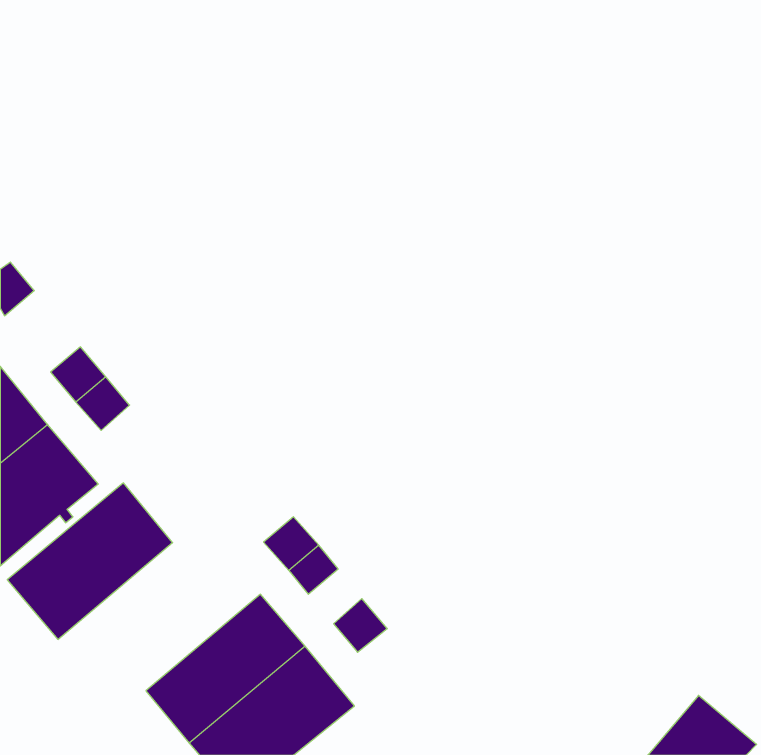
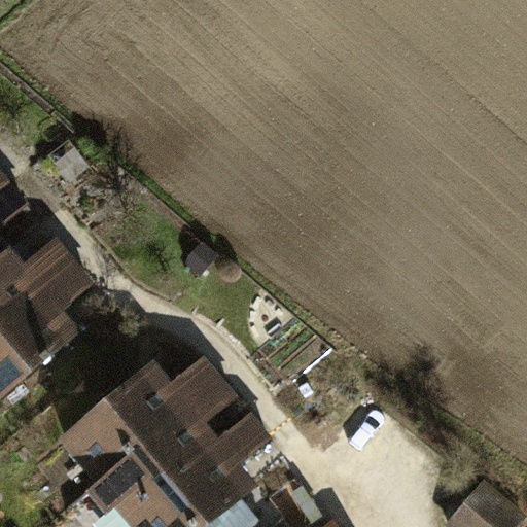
building: [7,483,173,639] -> [66,370,180,478]

